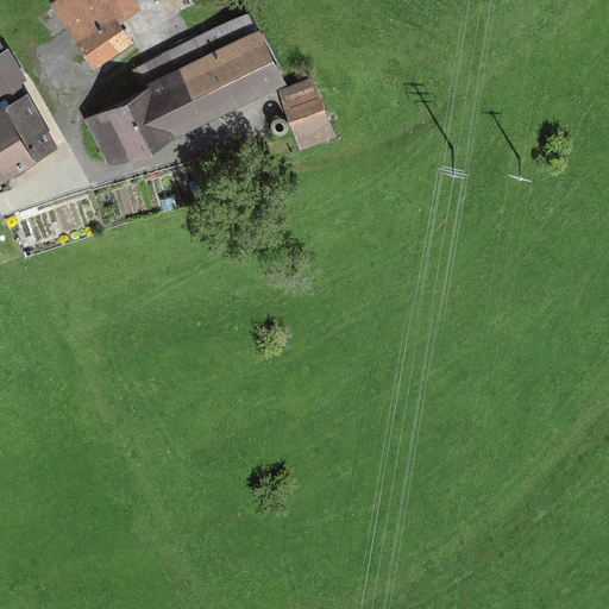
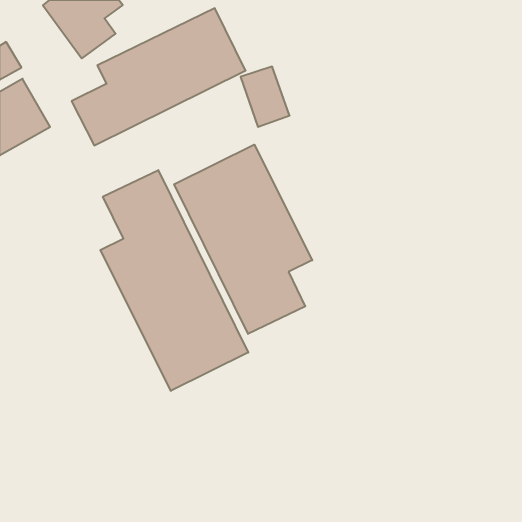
building: none -> [174,145,312,334]
building: none -> [100,170,248,391]

